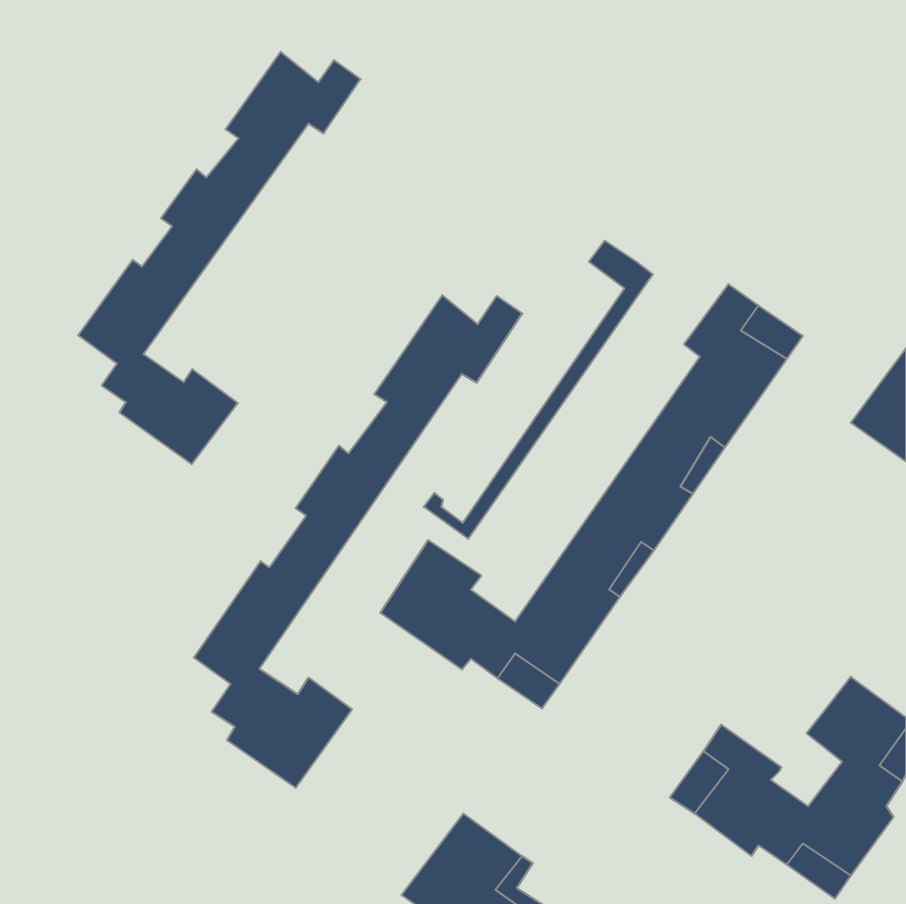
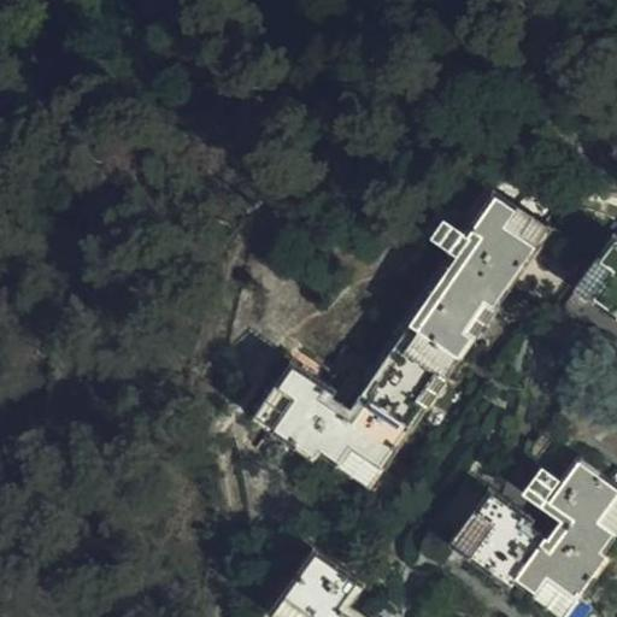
building: [78,52,361,464] -> none
building: [424,241,653,539] -> [319,222,475,424]
building: [194,295,522,788] -> none
building: none -> [522,468,571,550]

